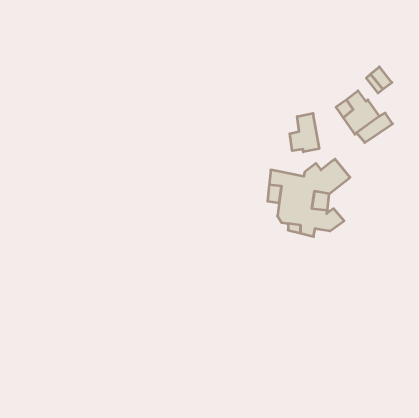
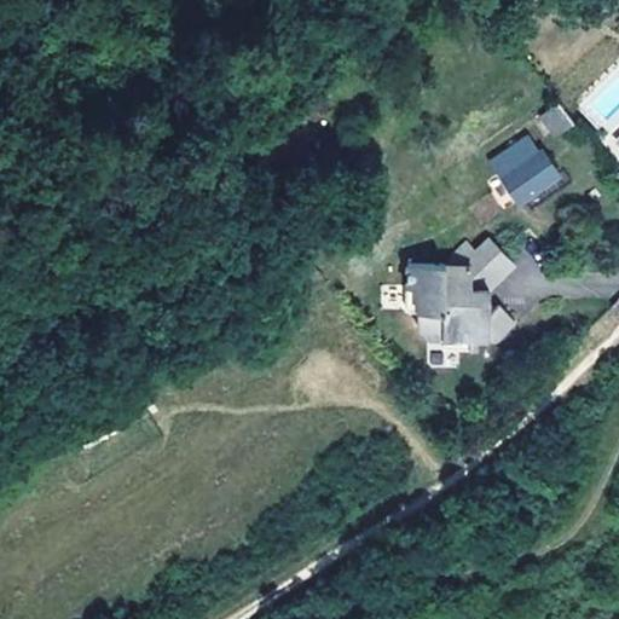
building: [290,113,319,152] -> none

